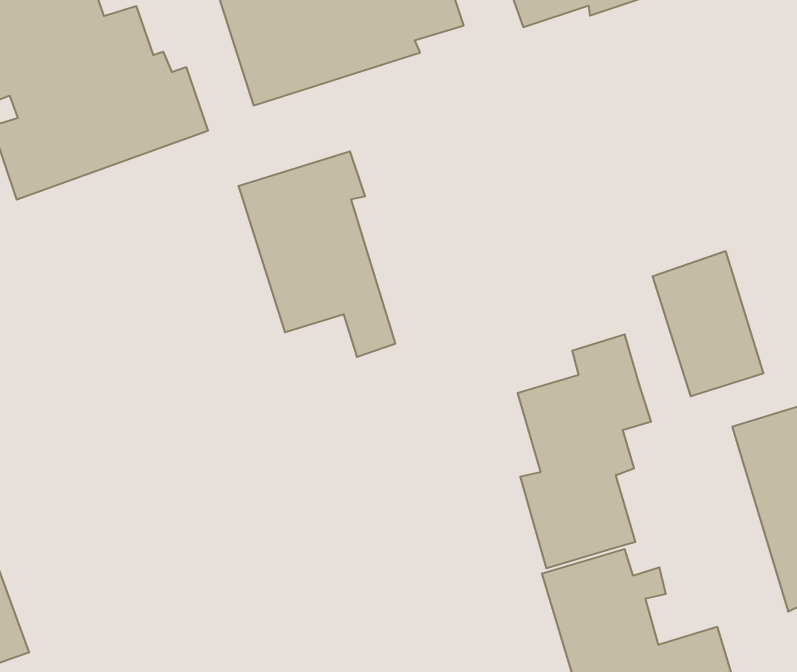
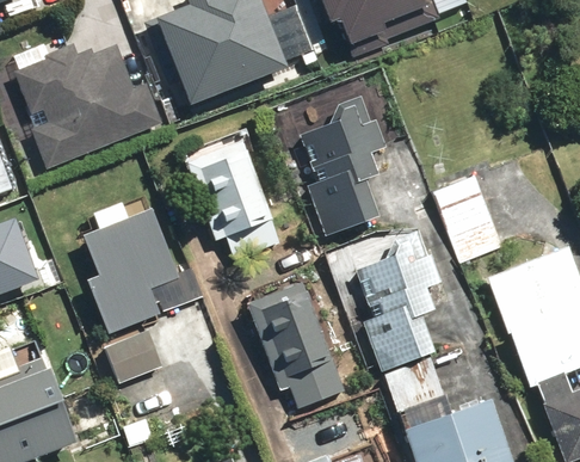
building: none -> [301,97,387,236]
building: none -> [86,195,180,335]
building: none -> [246,281,348,407]
building: none -> [105,328,165,386]

